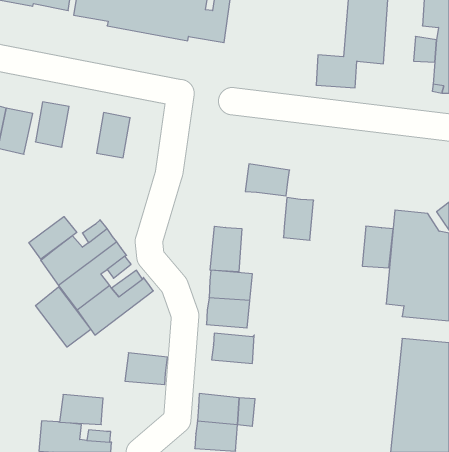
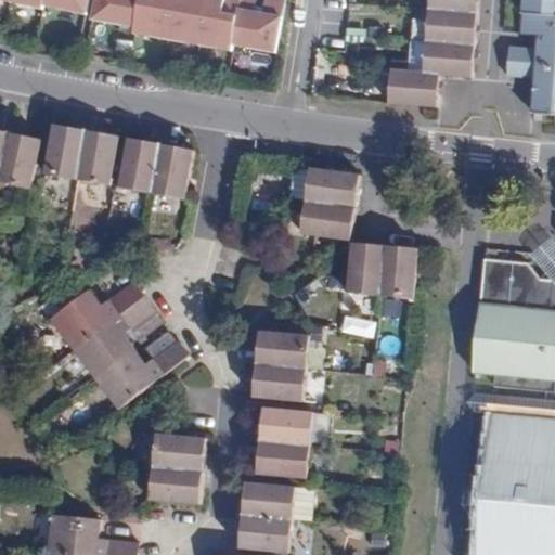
building: none -> [76,130,118,185]
building: none -> [151,144,192,198]
building: none -> [305,168,359,208]
building: [29,217,77,259] -> none
building: [362,226,393,268] -> [379,245,417,296]
building: [210,226,242,272] -> none
building: [36,287,91,347] -> none
building: none -> [256,440,309,478]
building: [60,395,103,425] -> [149,466,202,503]

